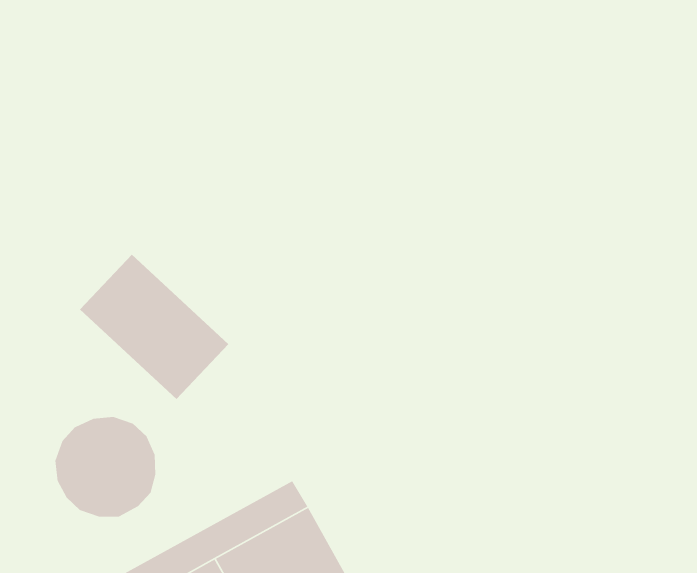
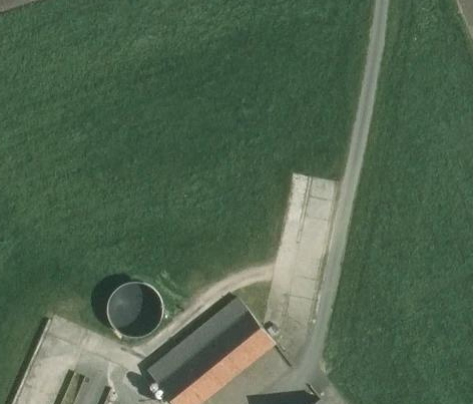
building: [79,254,229,400] -> none

